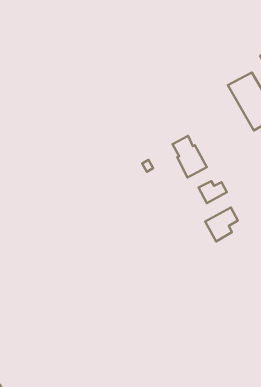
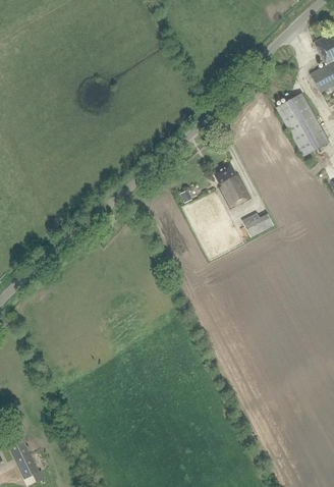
building: [205,208,238,241] -> none

